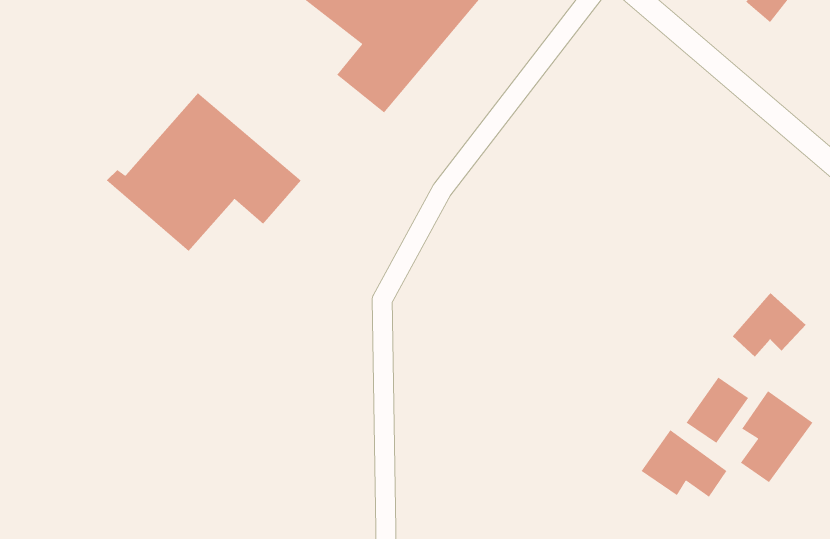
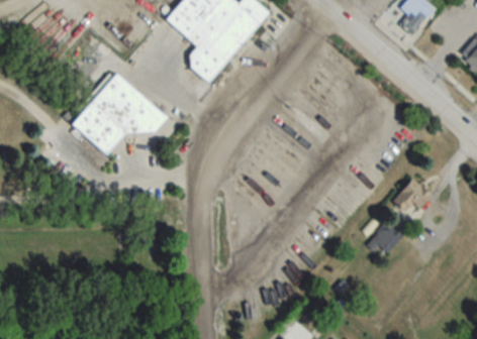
building: [740,390,813,483] -> none
building: [641,429,728,498] -> none

